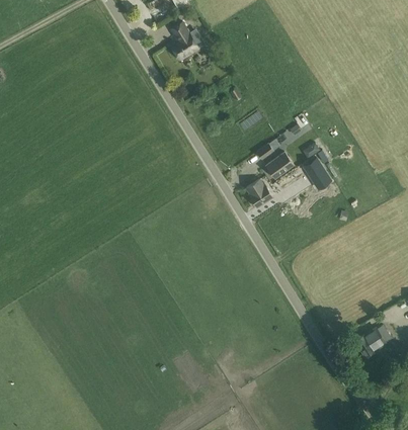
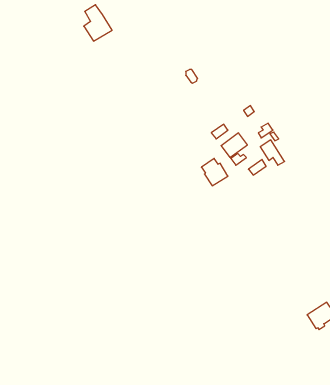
building: [169,21,198,59] -> [84,5,112,41]

